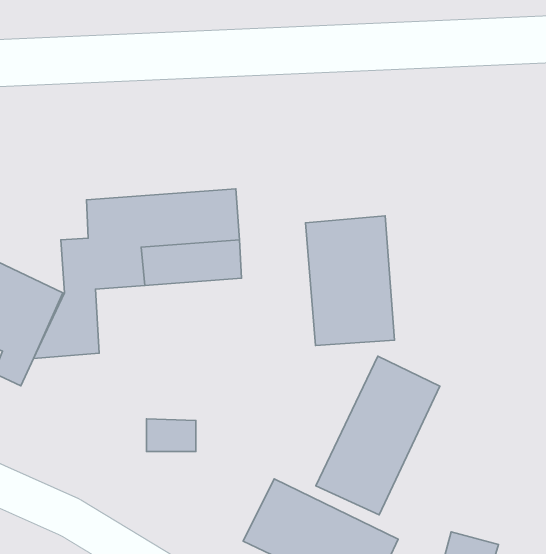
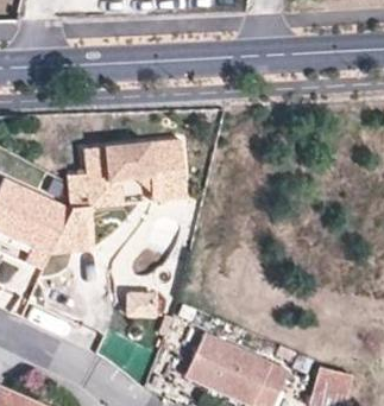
building: [306,216,394,345] -> none
building: [316,356,440,515] -> none

